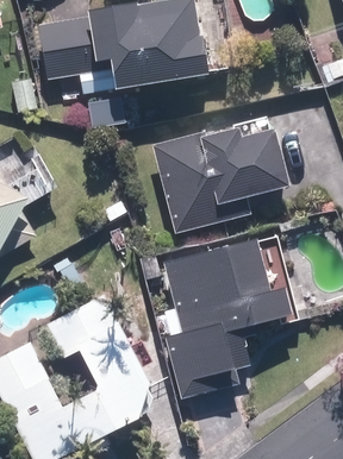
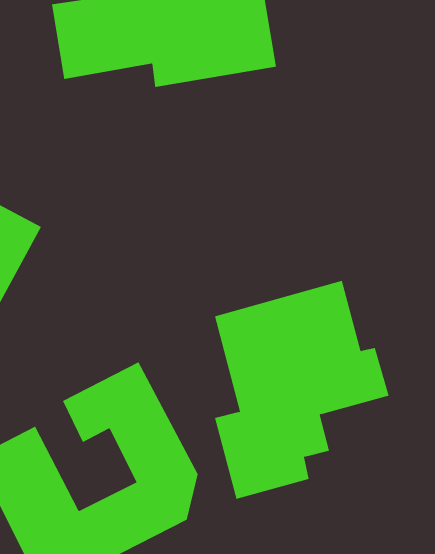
building: [150,113,294,234] -> none

